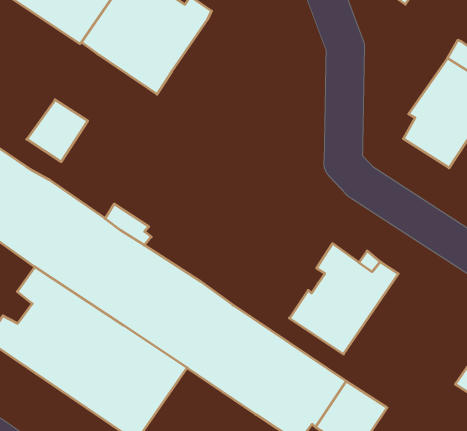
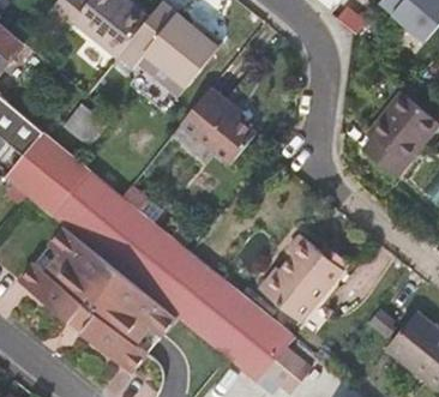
building: none -> [179,86,254,167]

